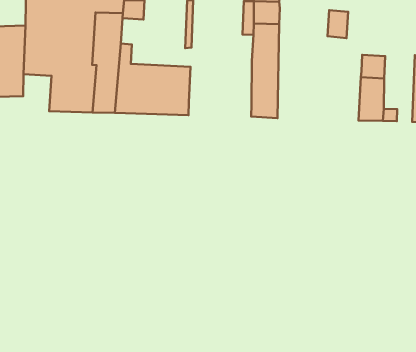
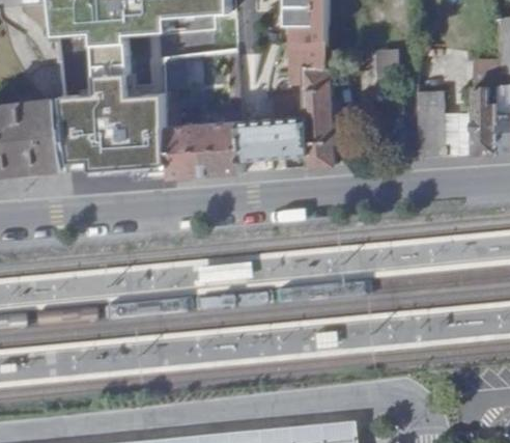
building: none -> [242,93,308,155]
building: none -> [72,142,102,181]

